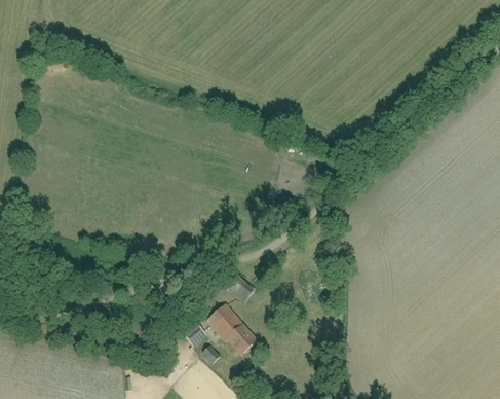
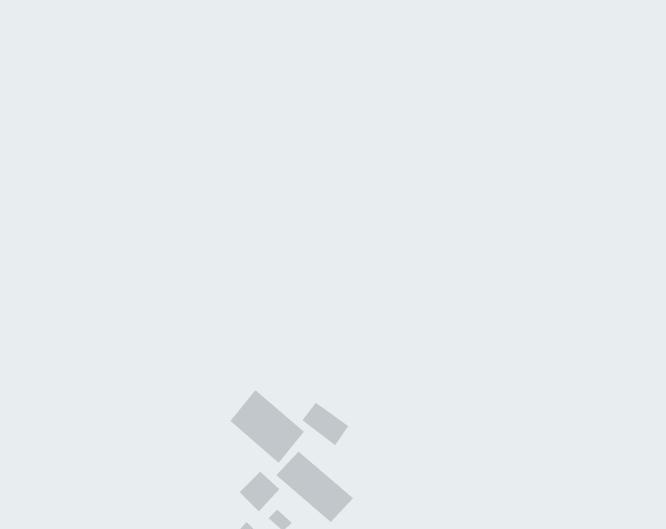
building: none -> [229,389,305,464]

